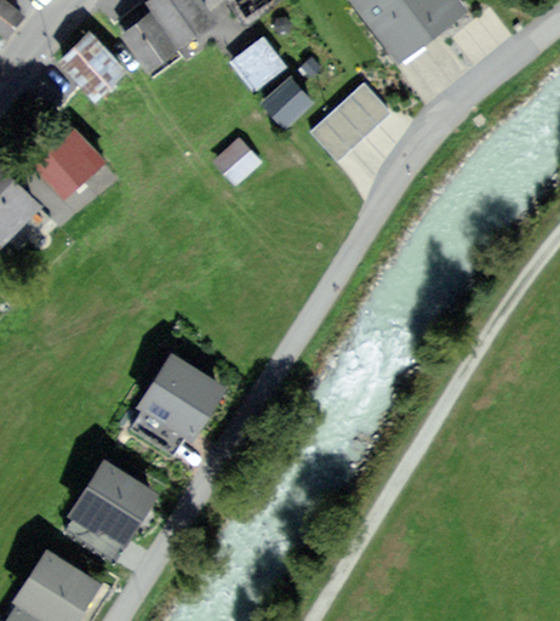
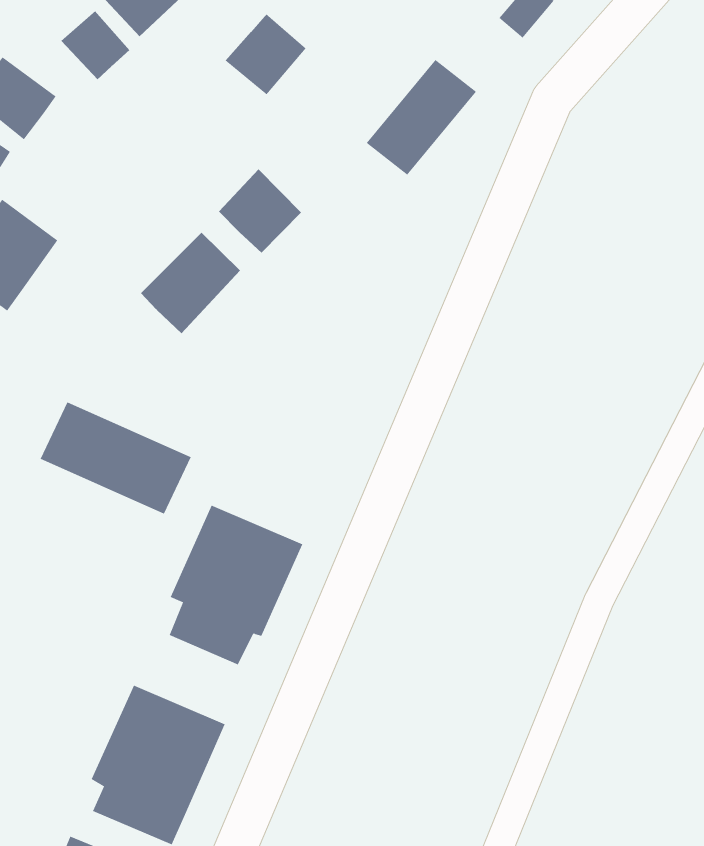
building: [258,78,313,130] -> none
building: none -> [140,232,241,334]
building: none -> [40,401,191,514]

